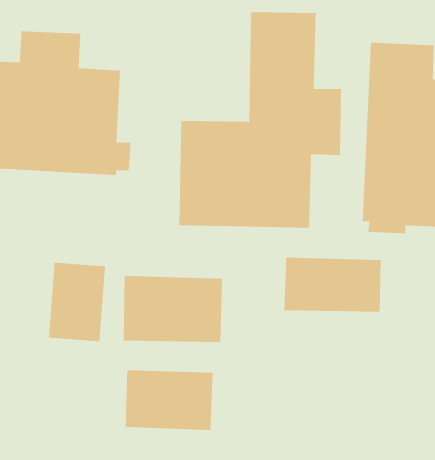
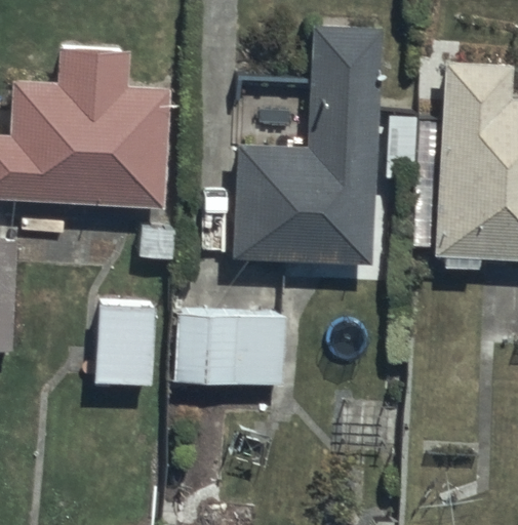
building: [284,257,381,313] -> none
building: [125,370,213,431] -> none

